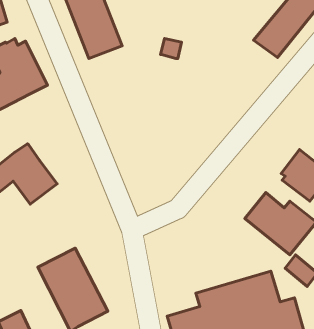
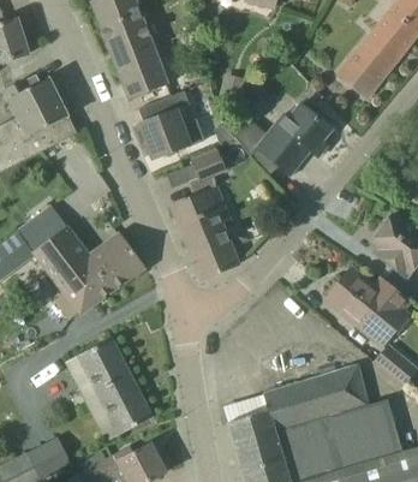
building: none -> [138,90,191,159]
building: none -> [225,103,332,174]
building: none -> [172,149,238,279]
building: none -> [55,233,143,319]

